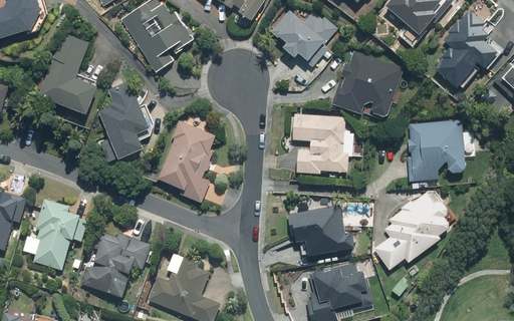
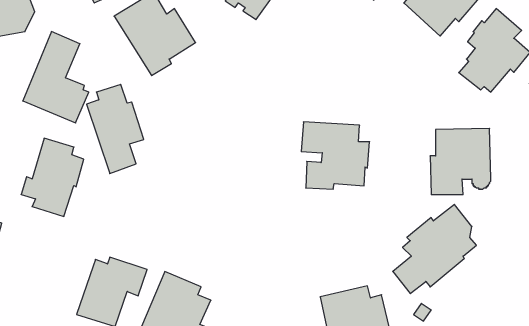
building: [277,9,337,61] -> none
building: [330,49,404,117] -> none
building: [155,117,217,202] -> none
building: [22,201,79,272] -> [21,138,84,216]
building: [285,205,355,254] -> none

